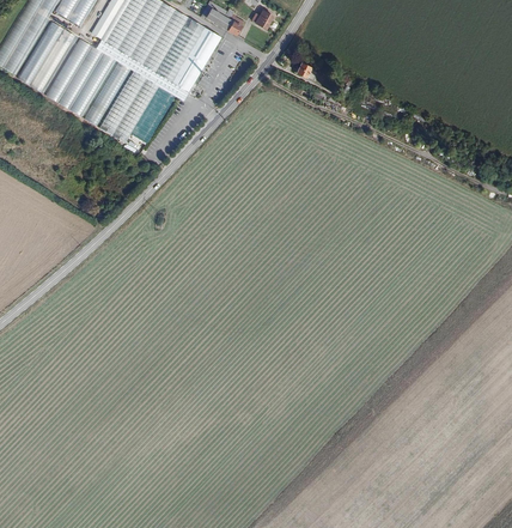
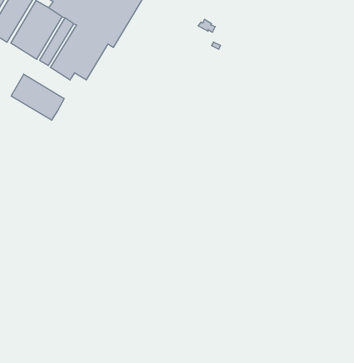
building: none -> [11,74,64,120]

